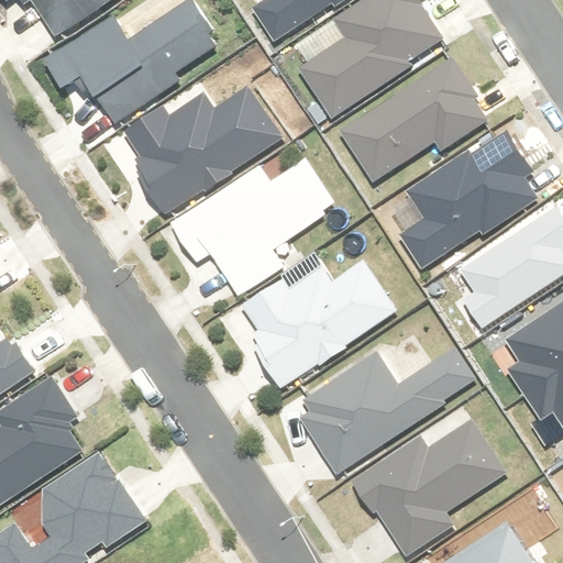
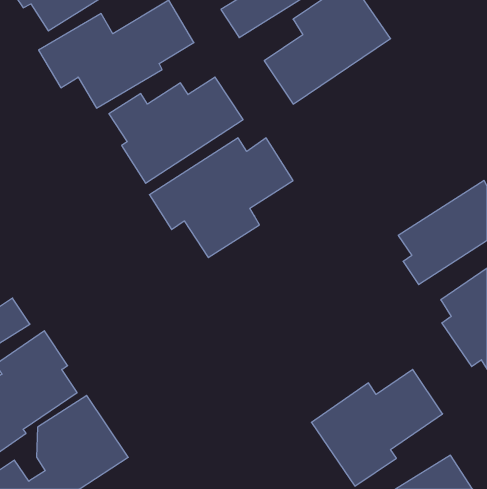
building: [341,59,487,180] -> none
building: [401,130,539,263] -> none
building: [241,260,396,387] -> none
building: [297,349,474,473] -> none

